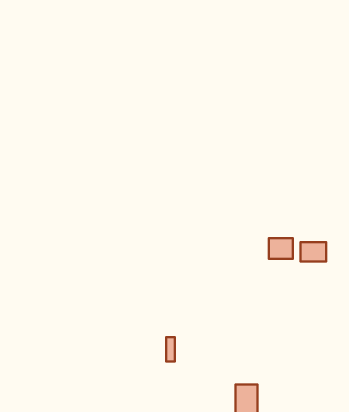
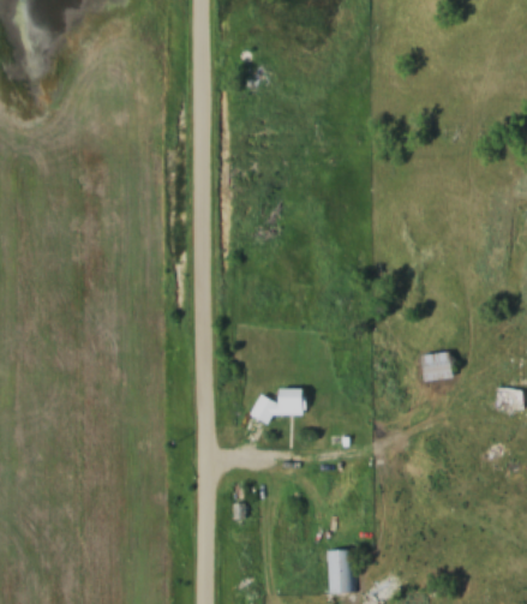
building: [269,238,293,259] -> none
building: none -> [253,389,306,421]

